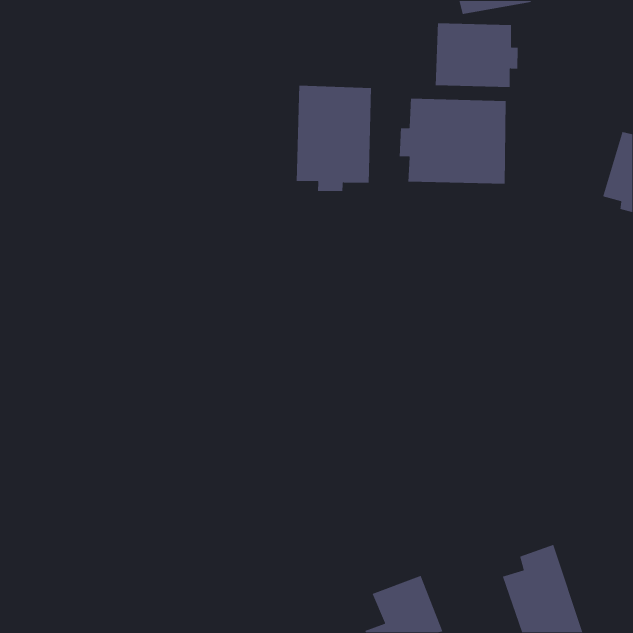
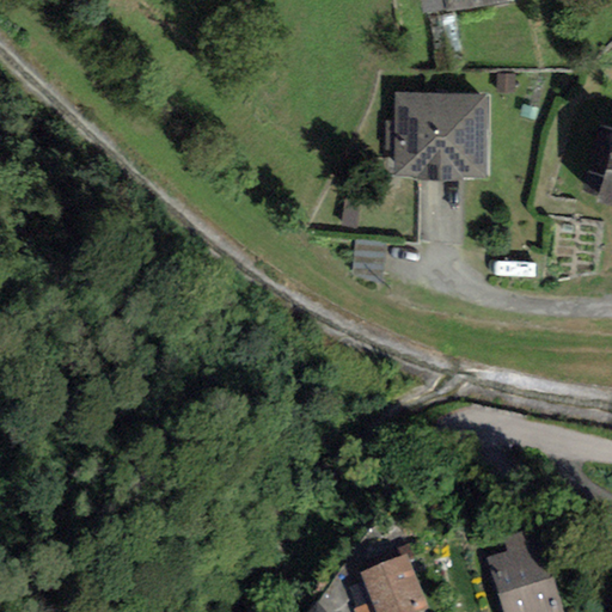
building: [435,23,518,88] -> none
building: [296,85,372,192] -> none

